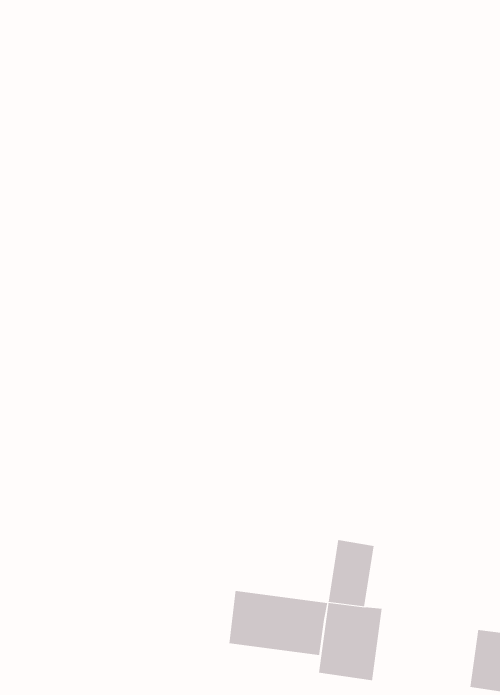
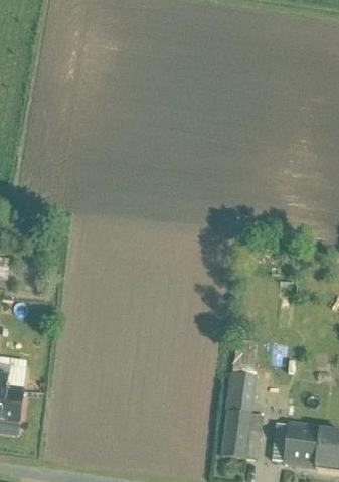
building: [229,590,328,656] -> none
building: none -> [284,423,320,464]

